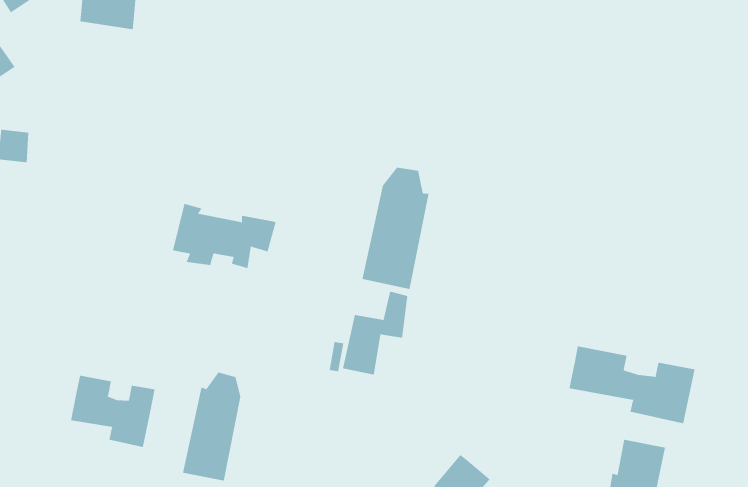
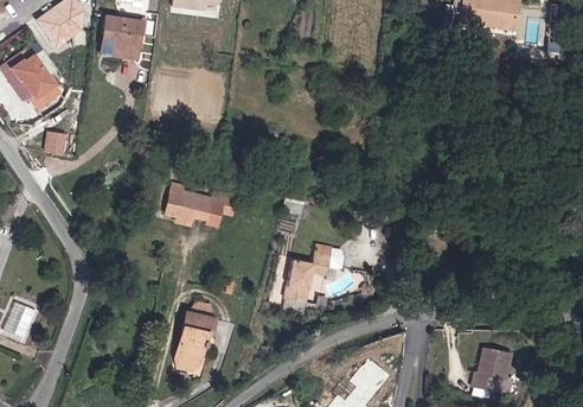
building: [362,167,429,290] -> none
building: [569,345,695,424] -> none
building: [70,375,155,448] -> none

